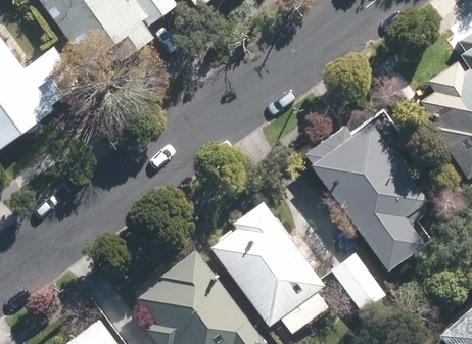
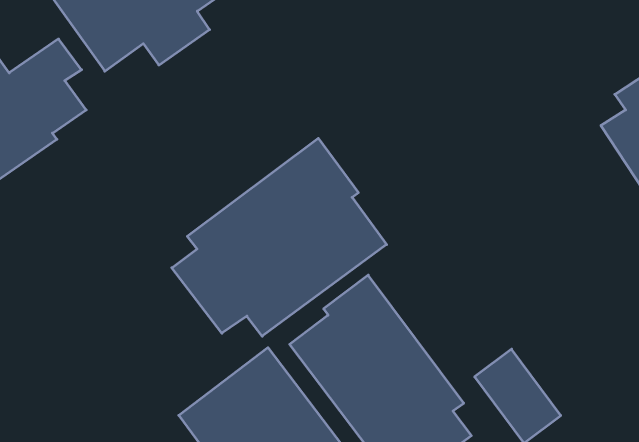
building: none -> [172,138,387,336]
building: [299,121,431,273] -> none

